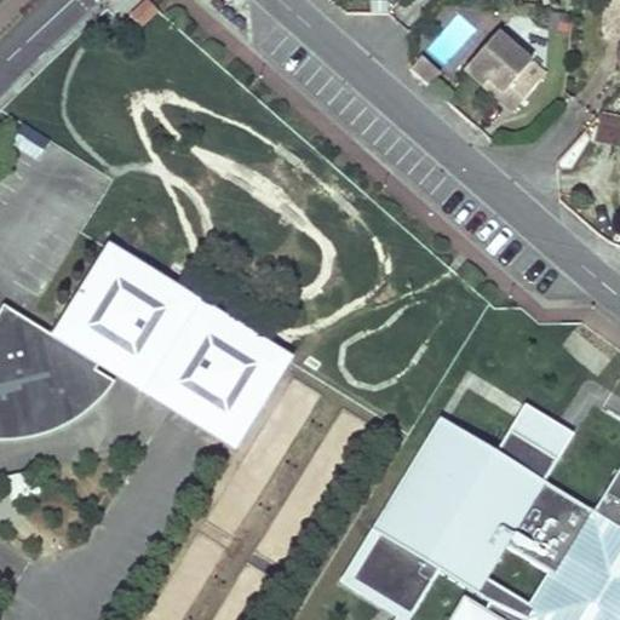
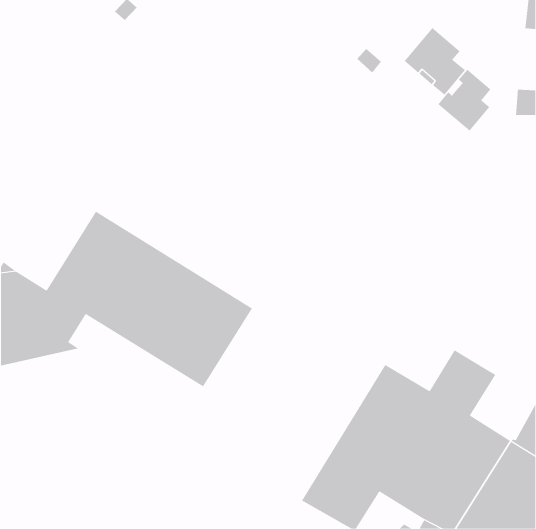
building: none -> [437,69,491,132]

